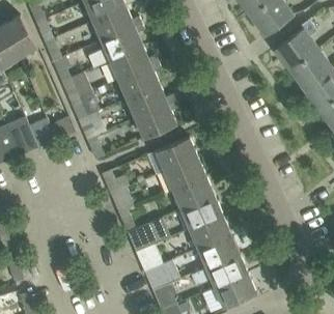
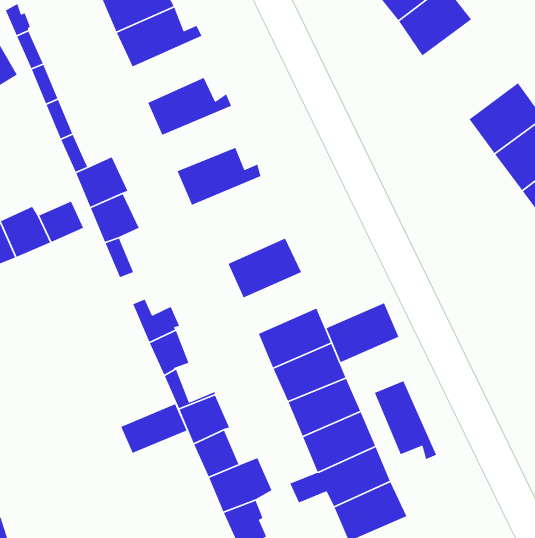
building: [275,19,318,70] -> none
building: [87,24,143,68] -> none
building: [118,63,161,99] -> none
building: [135,103,177,139] -> none
building: [164,156,205,191] -> [326,302,399,363]
building: none -> [374,380,437,460]
building: none -> [120,403,187,454]

